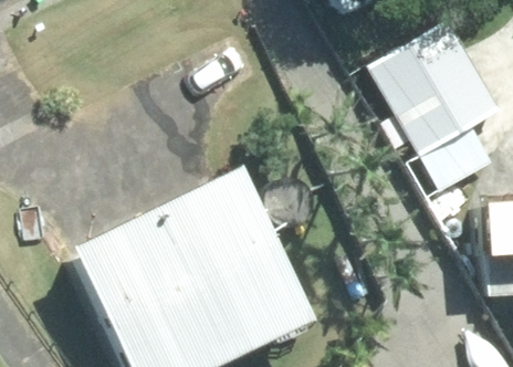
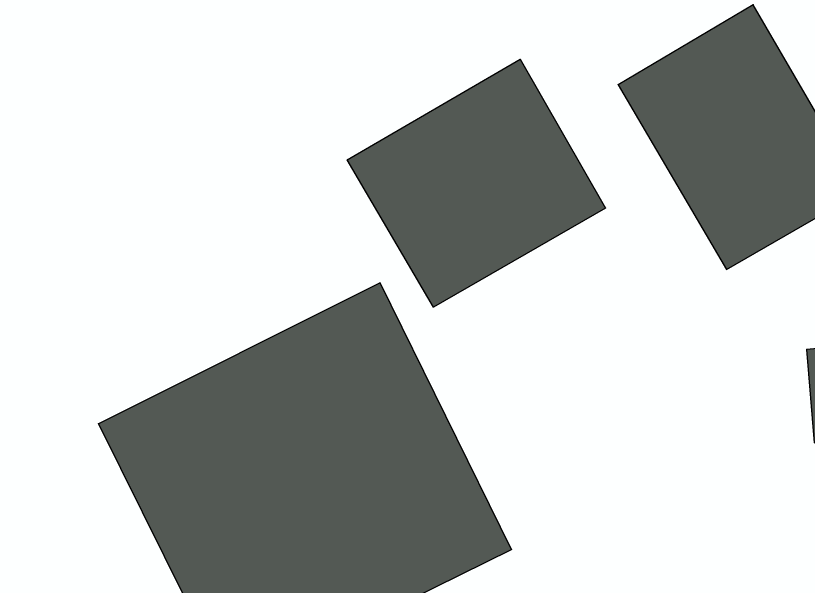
building: none -> [347,59,606,307]

